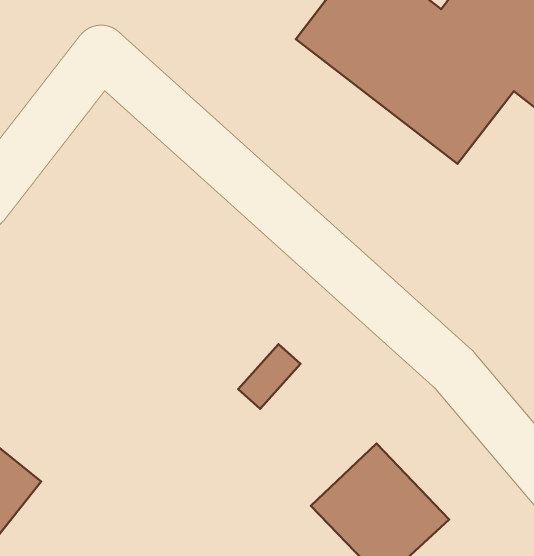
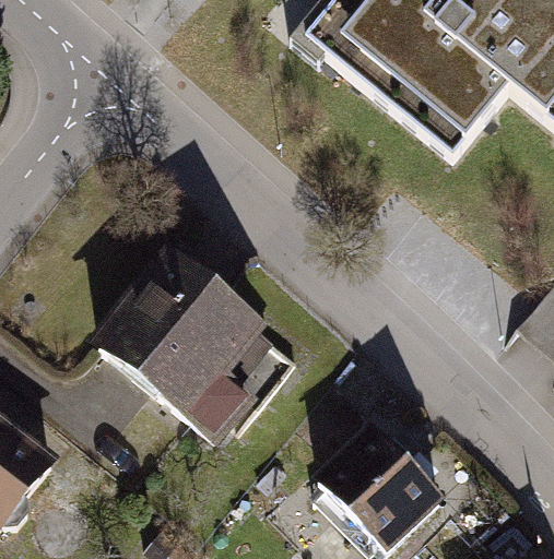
building: none -> [92,246,267,420]

